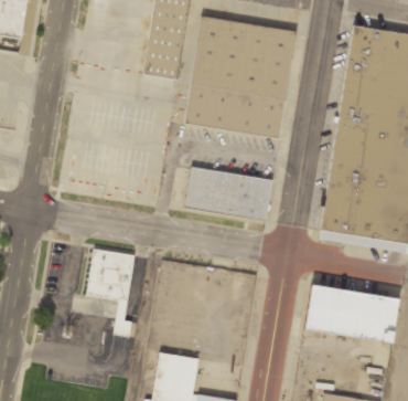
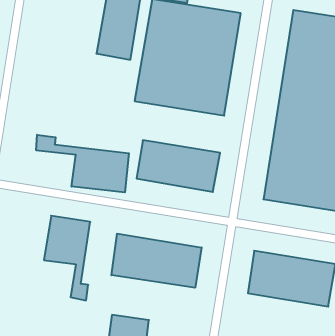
building: none -> [36,135,129,192]
building: none -> [111,234,202,288]

